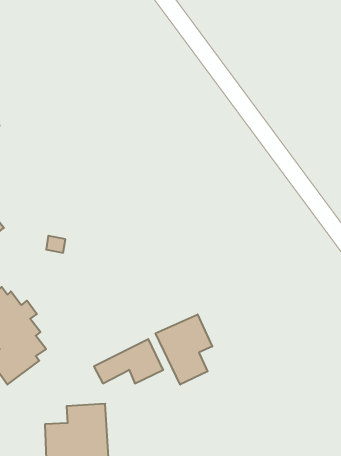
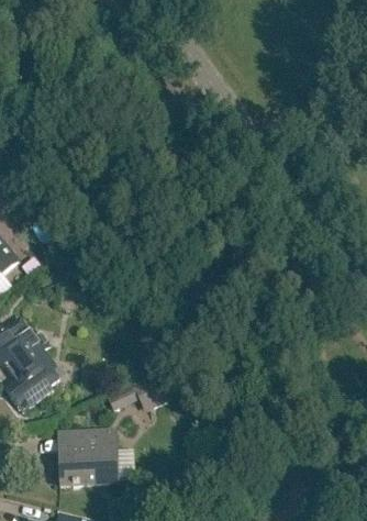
building: [156,314,212,385] -> none

